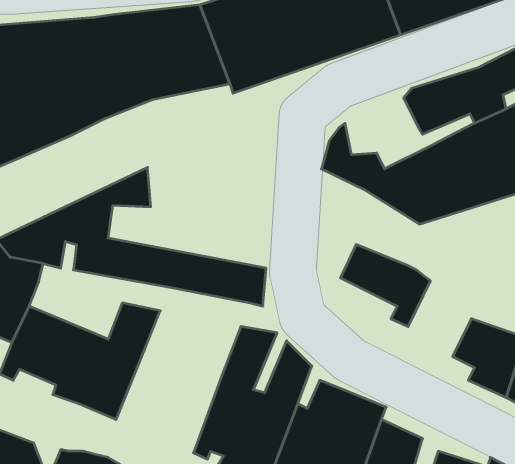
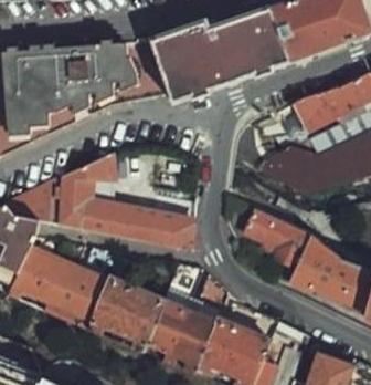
building: none -> [284,233,328,291]
building: none -> [87,279,161,354]

